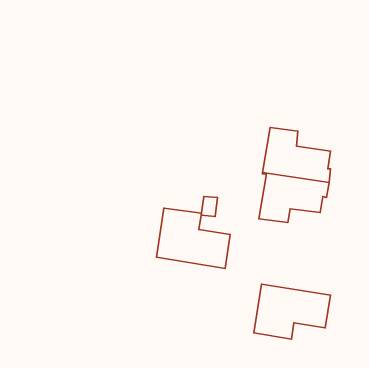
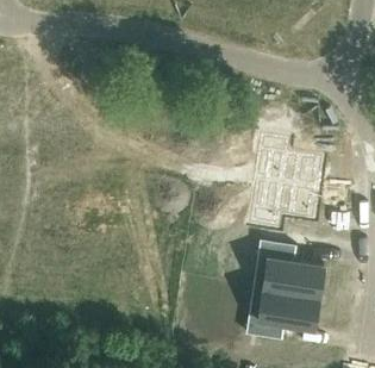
building: [156,208,230,268] -> [254,239,324,297]

